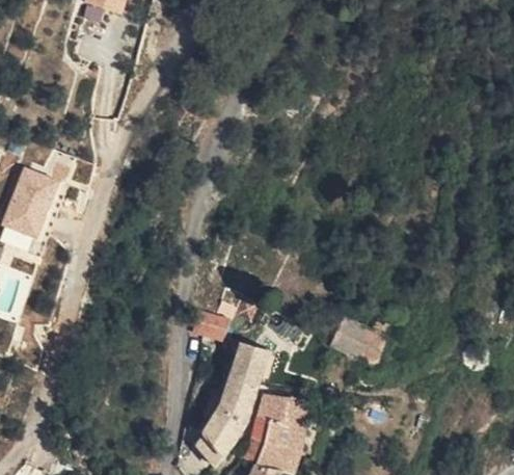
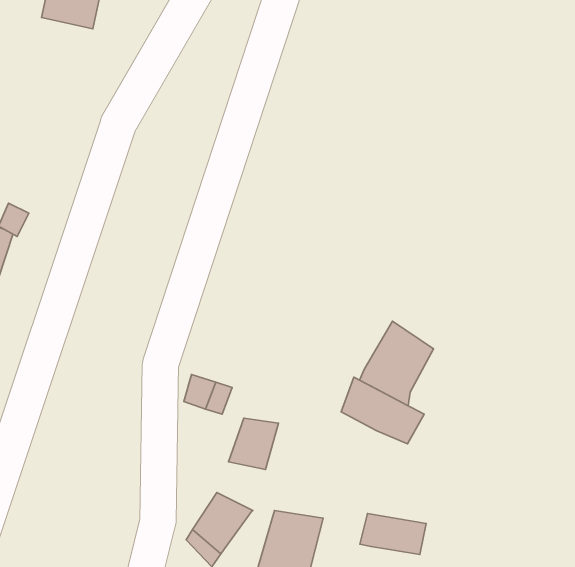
building: none -> [360,321,433,406]
building: [220,378,260,418] -> none
building: [258,391,312,424] -> [360,513,426,554]

